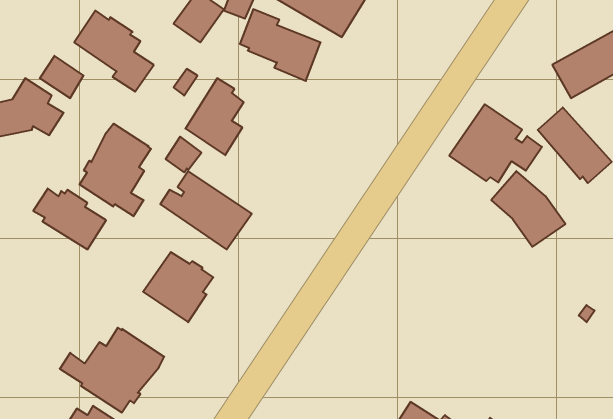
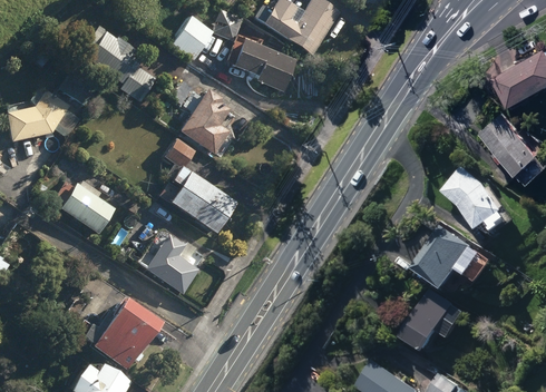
building: [449,104,542,182] -> [409,226,487,292]
building: [80,124,151,216] -> none
building: none -> [398,290,462,352]

